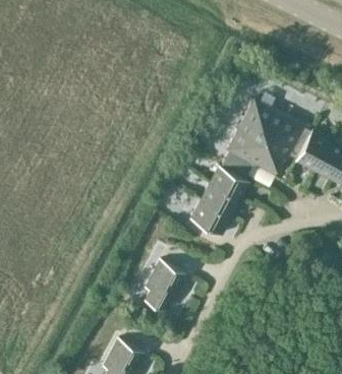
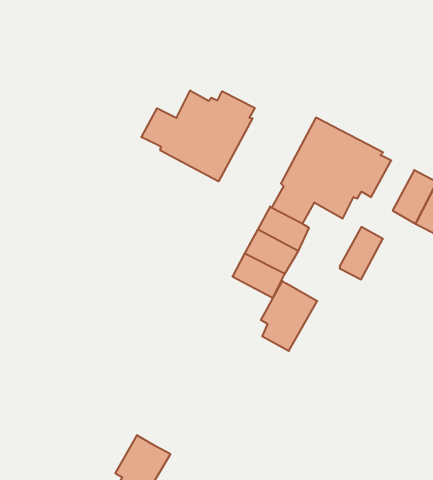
building: none -> [141,90,255,181]
building: [293,130,326,170] -> [340,227,383,279]
building: [141,260,184,313] -> [261,281,317,351]

